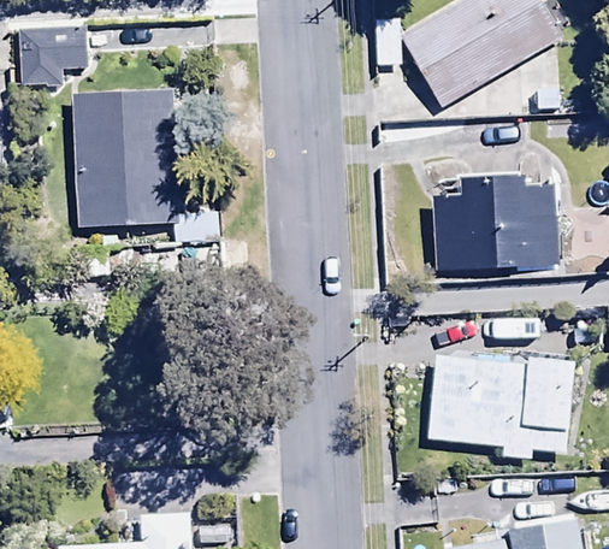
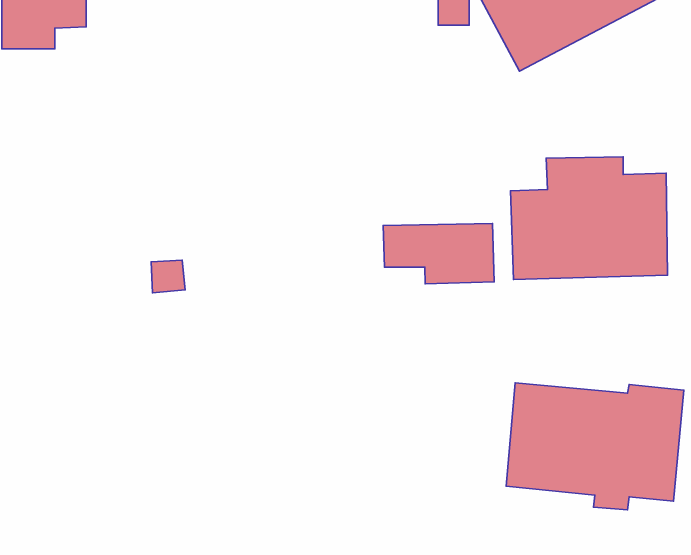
building: [71,89,217,243] -> none
building: none -> [383,224,494,284]

